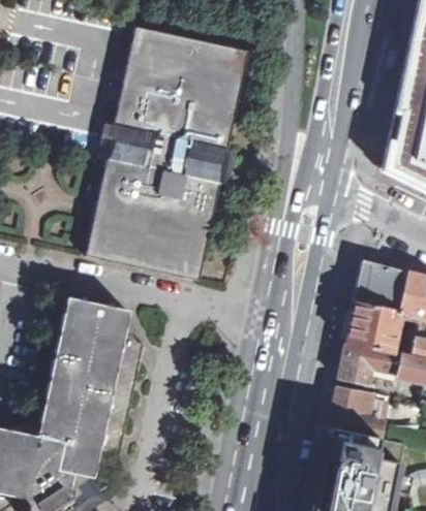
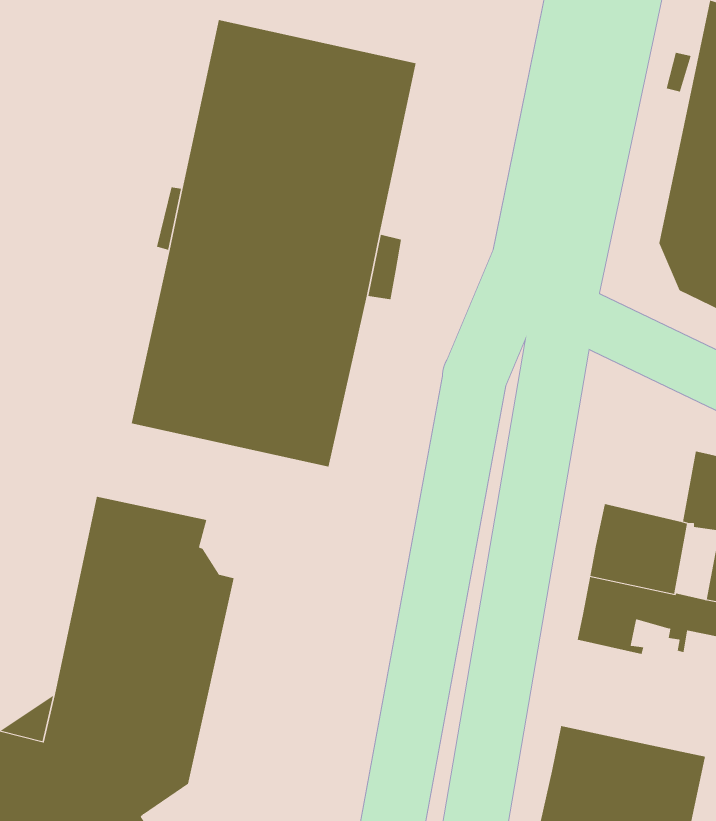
building: [353,258,405,310] -> none
building: [329,384,391,436] -> none

